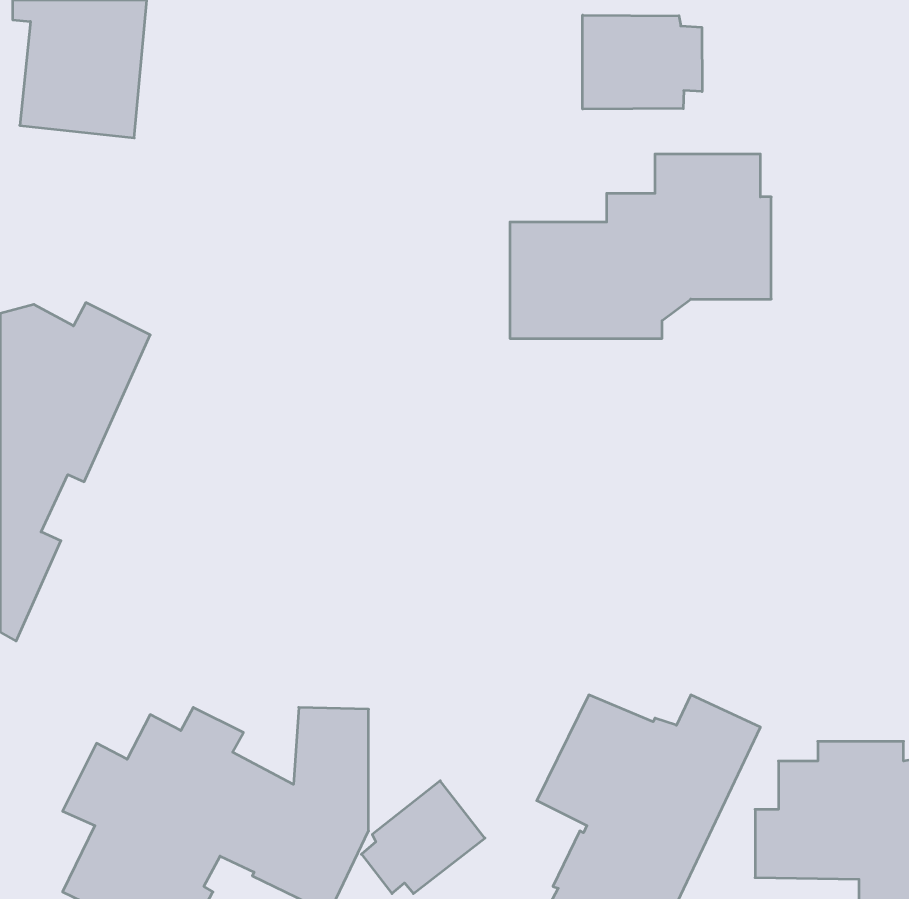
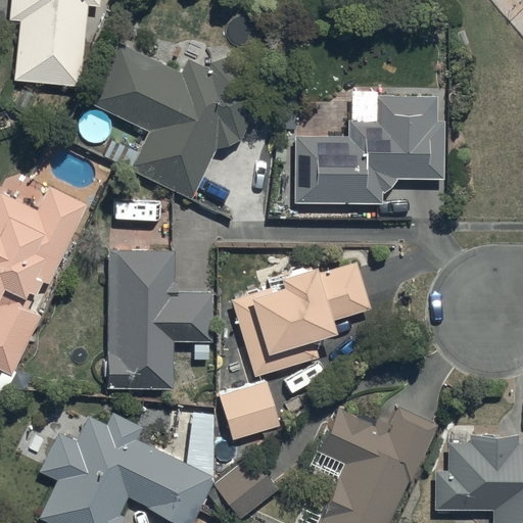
building: [583,15,702,109] -> none
building: none -> [88,42,274,200]
building: none -> [107,251,212,389]
building: none -> [219,257,370,440]

